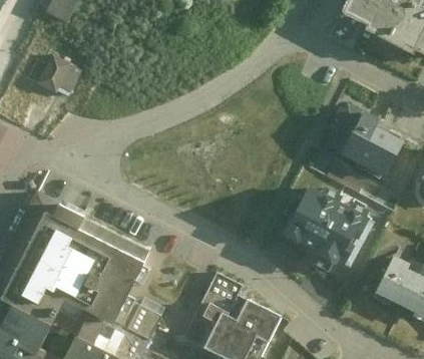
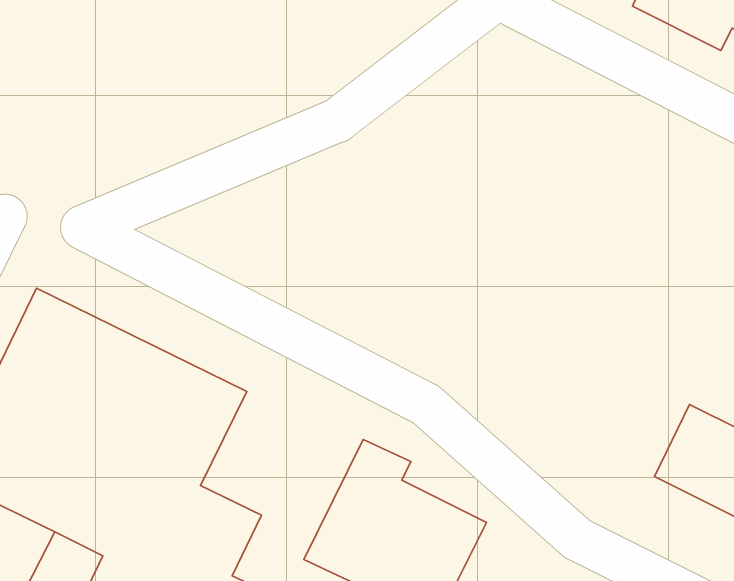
building: [38,55,82,93] -> none
building: [327,104,404,176] -> none
building: [282,185,376,273] -> none

